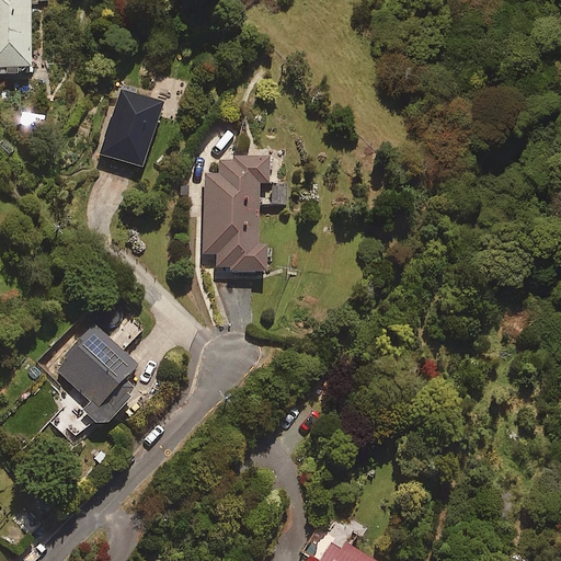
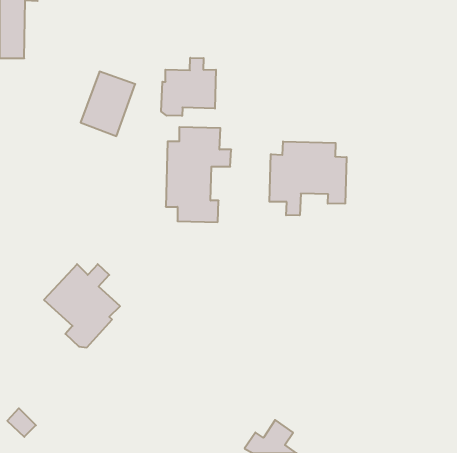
building: none -> [161,58,216,116]
building: none -> [269,141,347,215]

